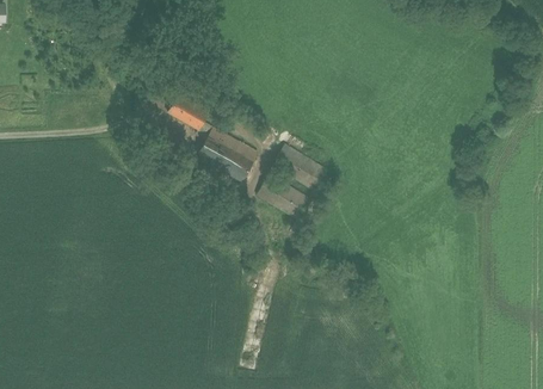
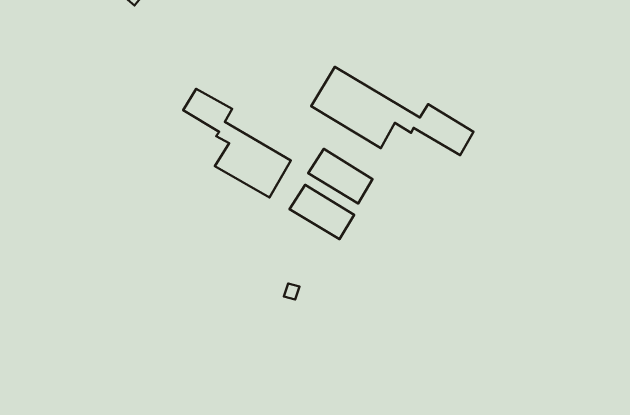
building: none -> [311,67,474,155]

